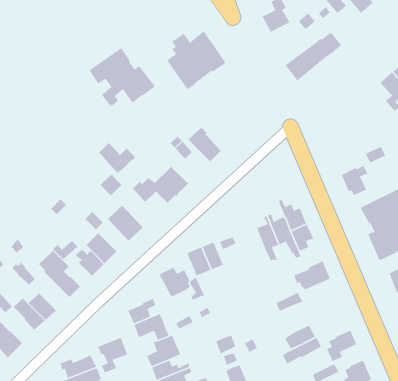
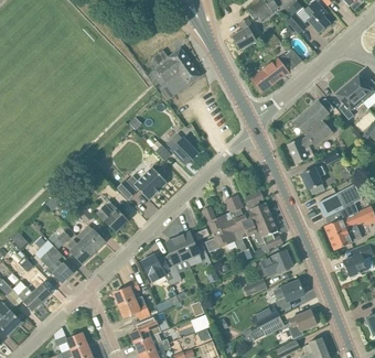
building: [88,47,156,107] -> none
building: none -> [287,98,334,164]
building: [98,142,136,174] -> none
building: none -> [203,205,235,250]
building: none -> [274,280,307,311]
building: [97,337,128,374] -> none

